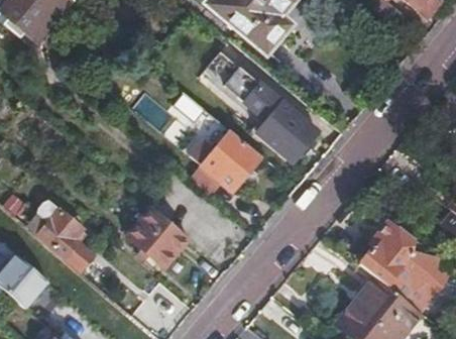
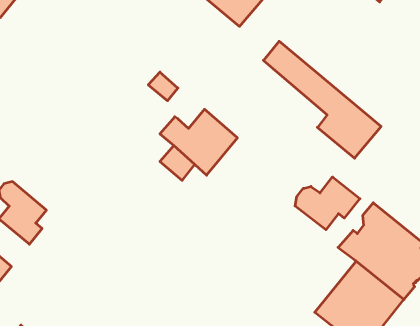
building: [207,51,319,162] -> [263,41,381,158]
building: none -> [295,177,360,230]
building: [129,209,189,267] -> none

